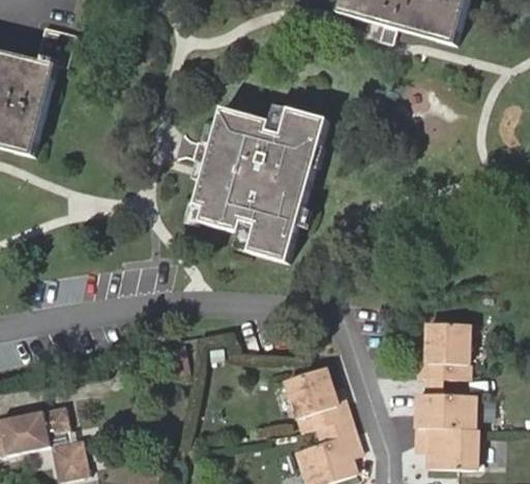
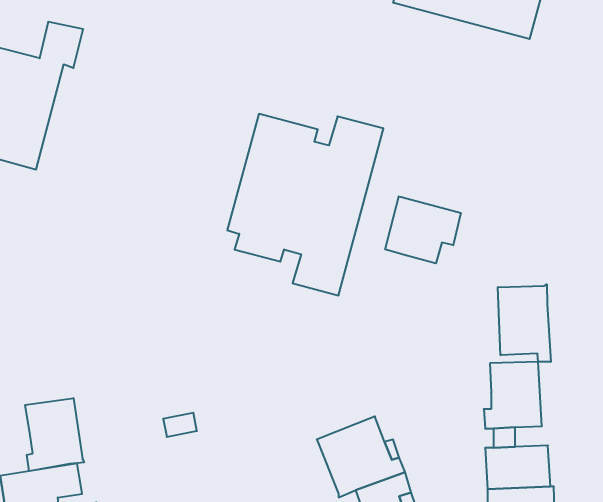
building: none -> [385,196,461,263]
building: none -> [498,284,551,362]
building: none -> [25,398,84,471]

